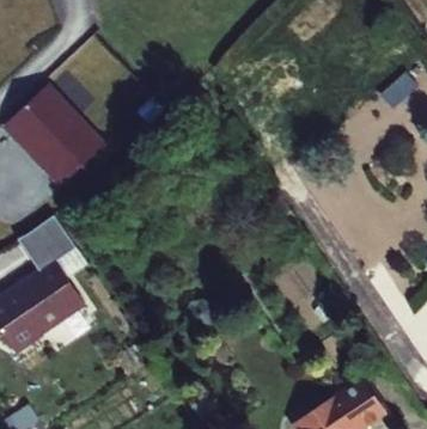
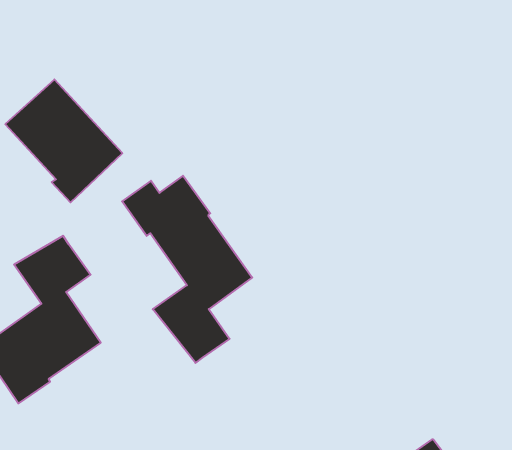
building: none -> [122,176,252,363]

